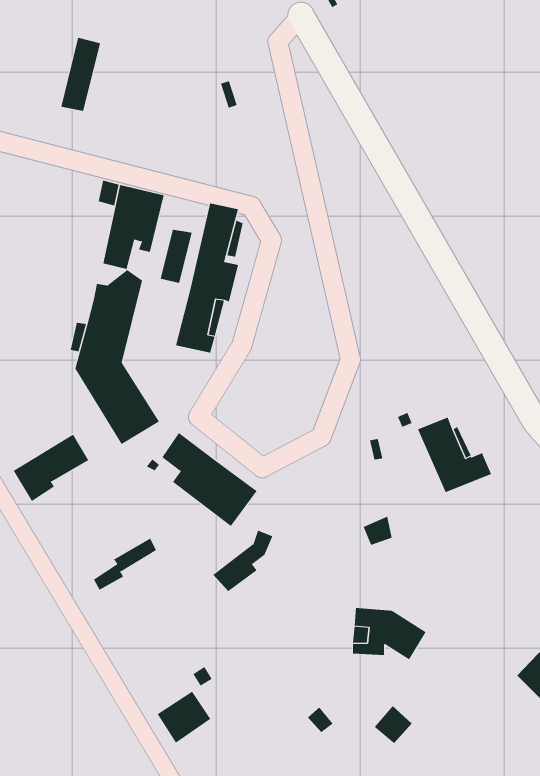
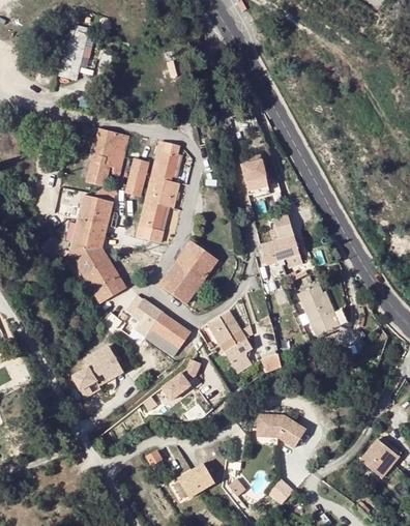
building: none -> [241,158,268,194]
building: none -> [260,212,301,266]
building: none -> [159,241,215,303]
building: [13,434,89,502] -> [68,347,119,392]
building: none -> [206,310,253,372]
building: [157,691,211,744] -> [178,462,214,497]

